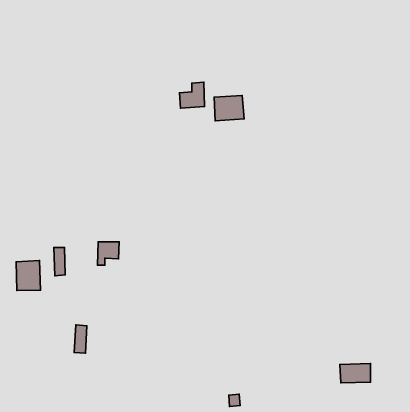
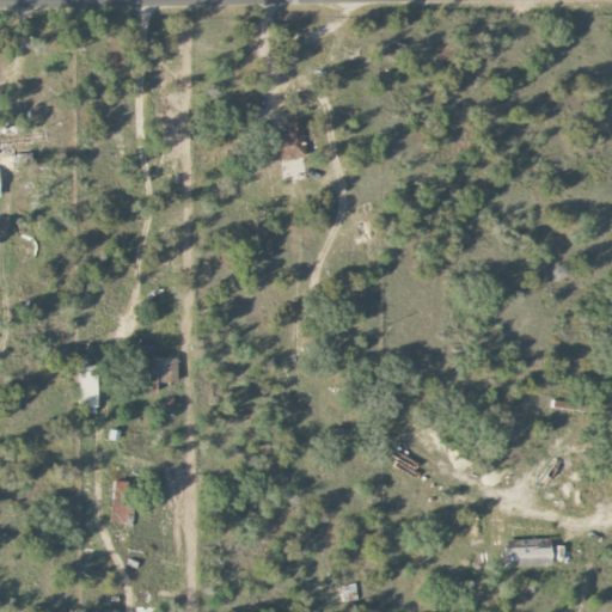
building: [214,95,244,121] -> none
building: [16,261,40,290] -> none

